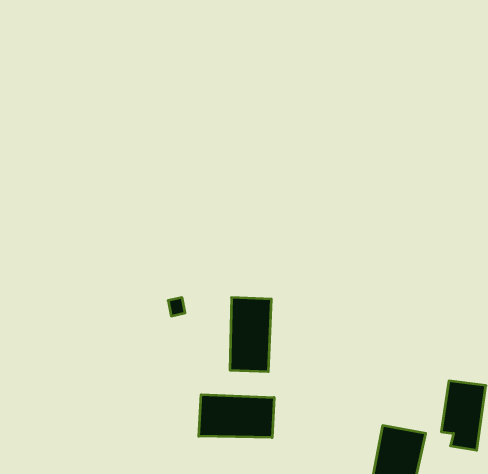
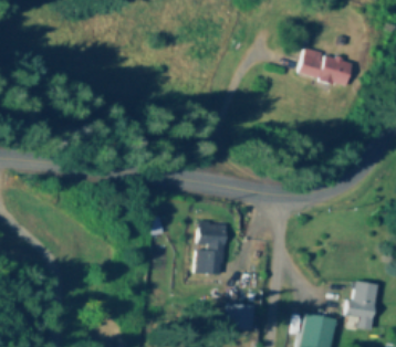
building: none -> [299,48,358,88]
building: [199,395,274,438] -> none

